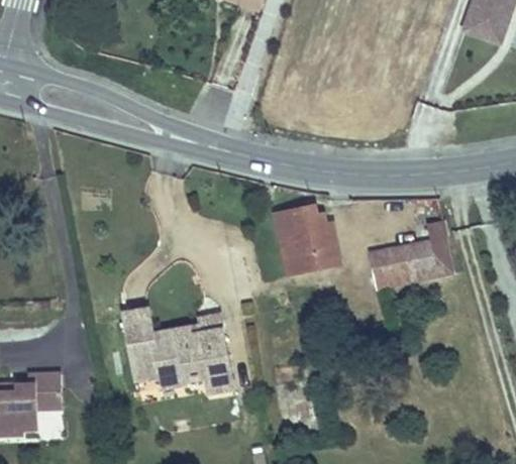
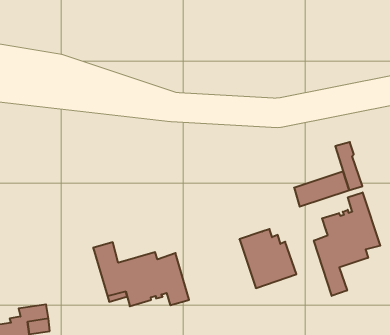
building: [277,204,340,272] -> [239,229,296,288]
building: none -> [314,192,380,296]

